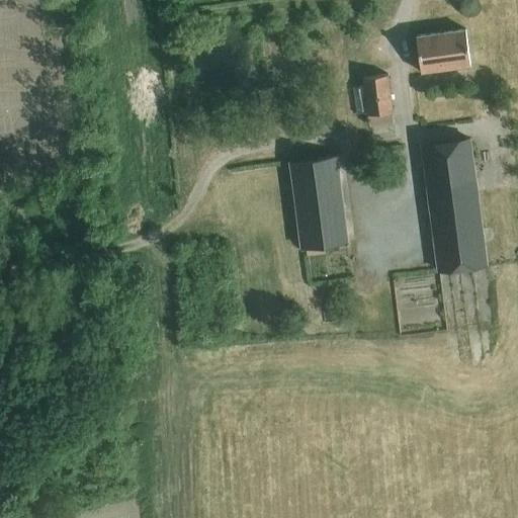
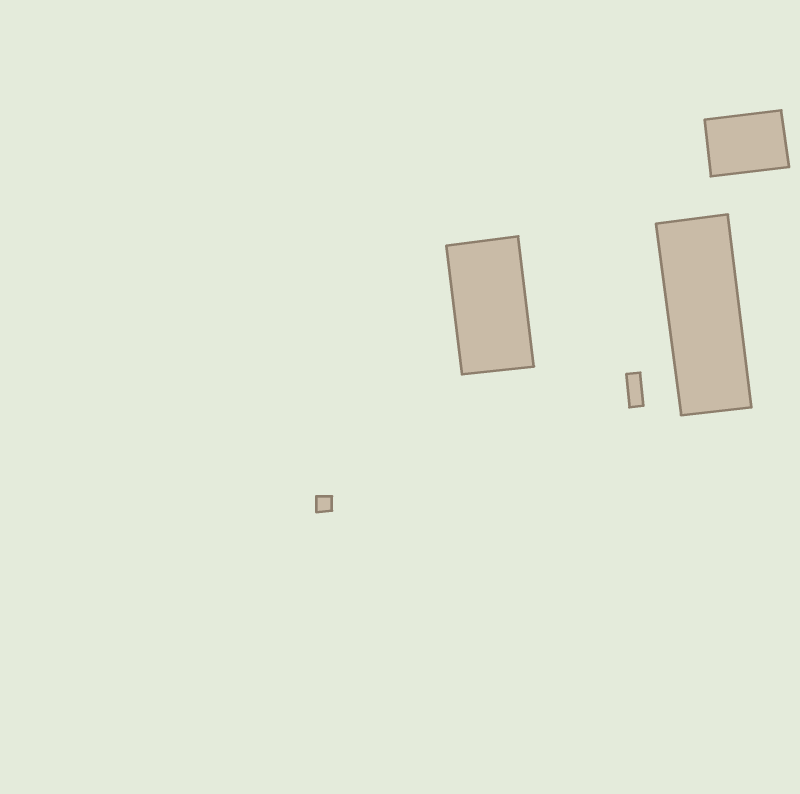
building: [416,30,470,73] -> [705,110,789,176]
building: [352,77,394,126] -> none

